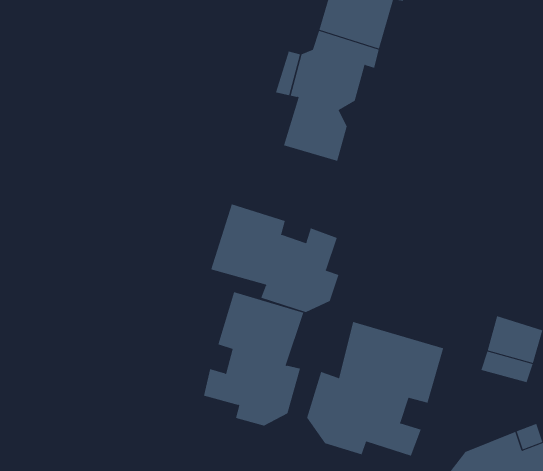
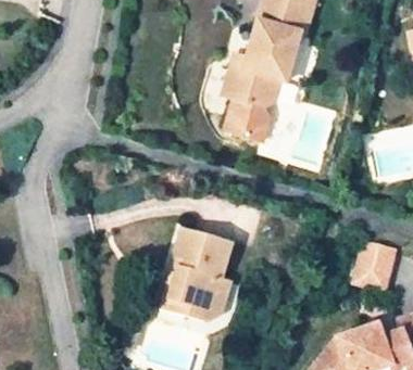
building: [210,204,339,313] -> none
building: [307,321,444,456] -> none

